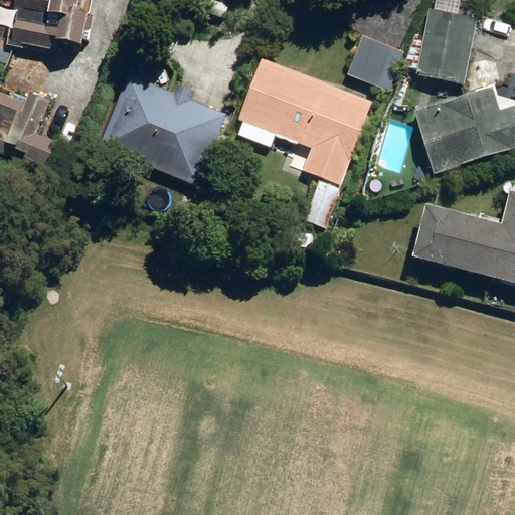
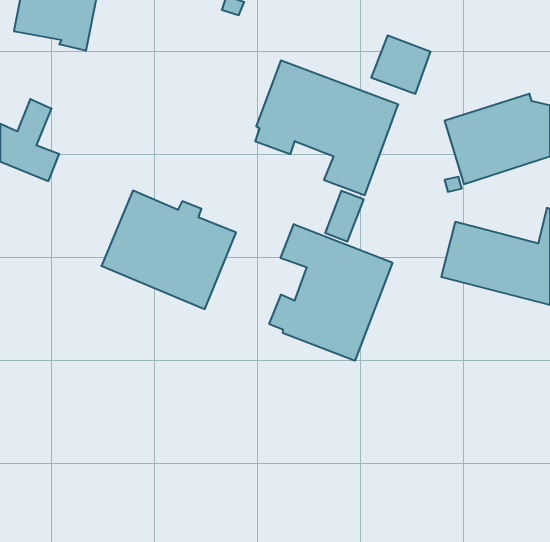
building: [403,8,477,81] -> none
building: [100,72,225,183] -> [101,191,236,309]
building: none -> [269,224,392,361]

